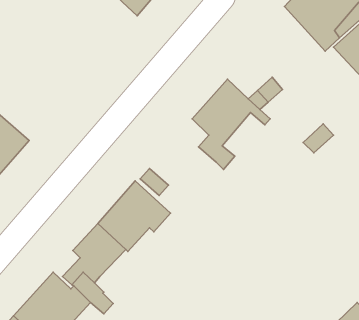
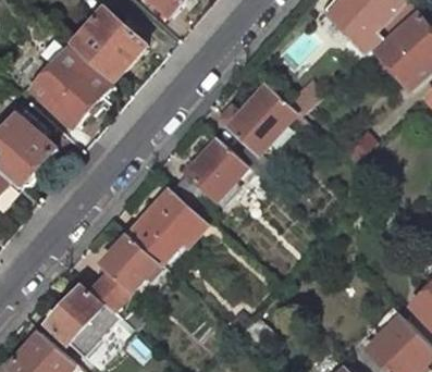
building: none -> [71,8,145,82]
building: none -> [33,50,107,126]
building: none -> [183,138,251,204]

